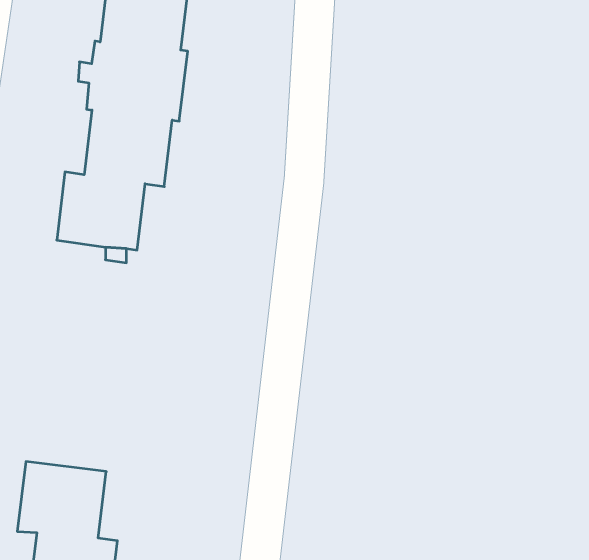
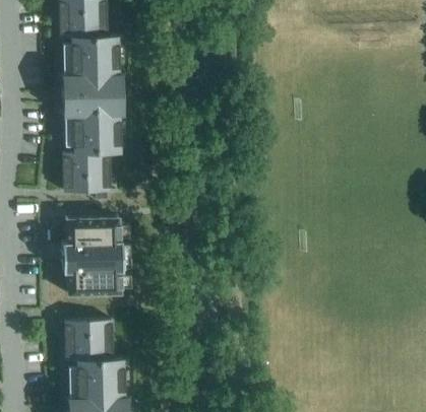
building: none -> [58,217,120,295]

